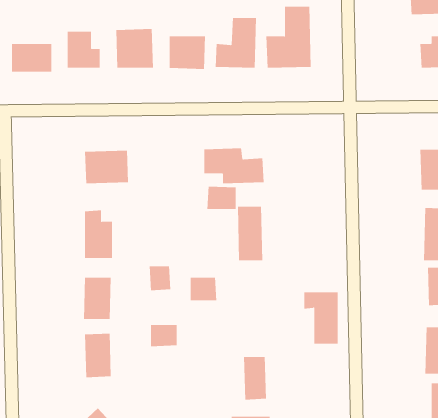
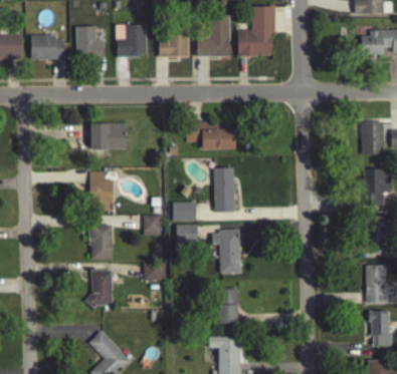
building: [207,186,236,210] -> [172,202,196,221]
building: [304,292,338,344] -> [212,231,240,273]

